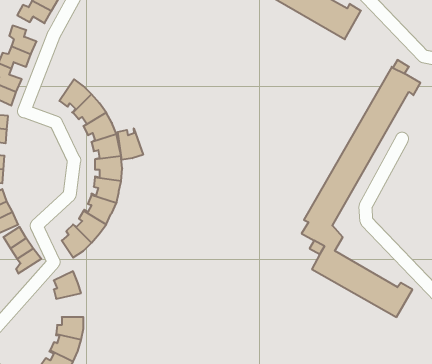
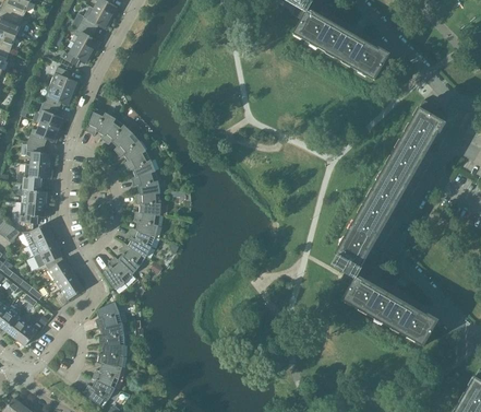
building: none -> [86,108,116,139]
building: [118,128,143,160] -> none
building: none -> [98,322,124,345]

